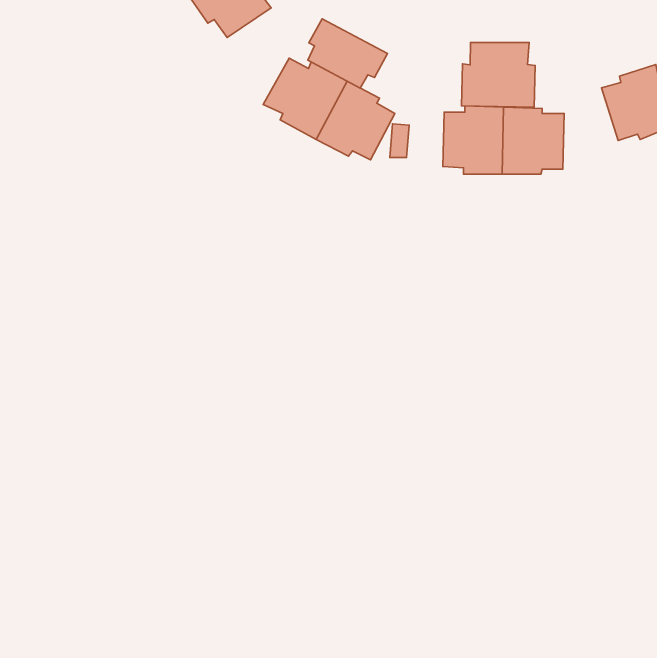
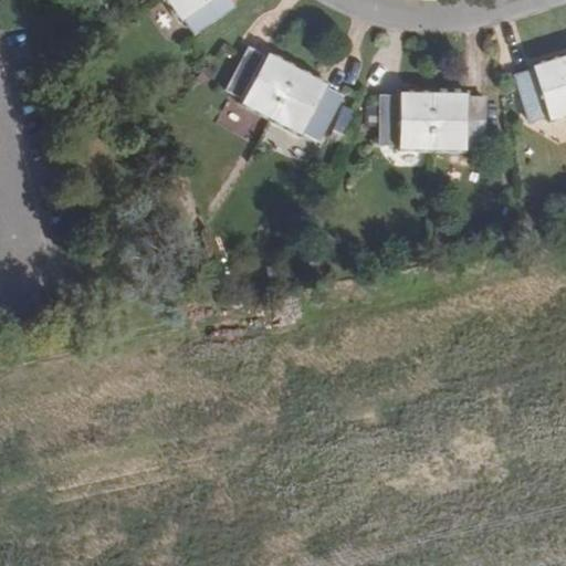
building: [308,19,388,88] -> none
building: [462,42,535,107] -> none

